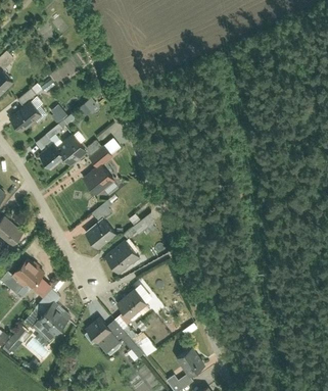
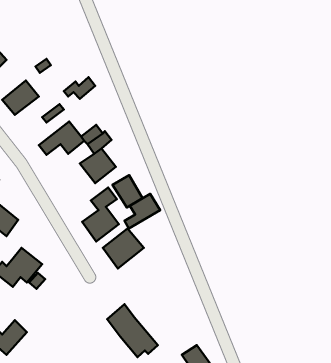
building: none -> [113,175,143,207]
building: [116,289,150,324] -> none
building: [34,303,72,341] -> none
building: [86,317,120,353] -> none

